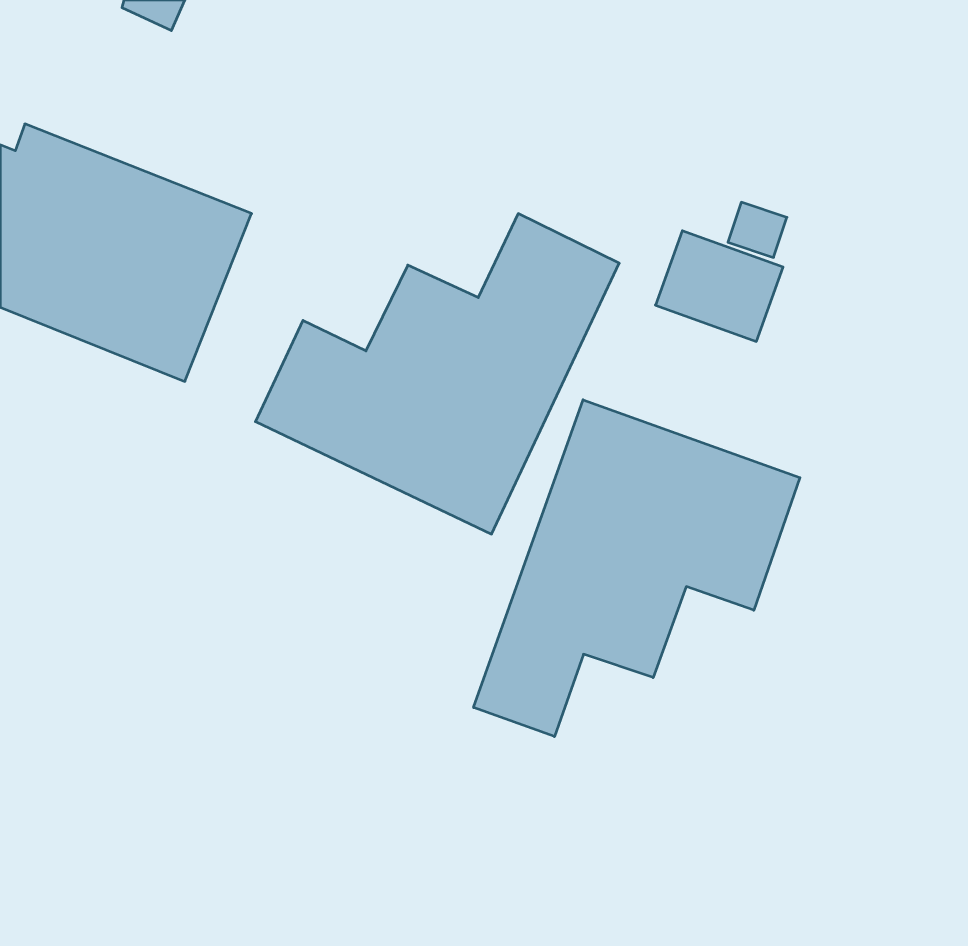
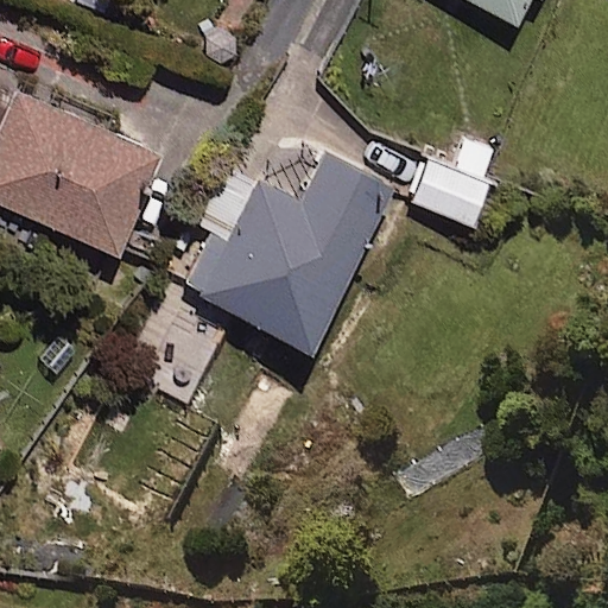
building: [474,400,800,737] -> none

